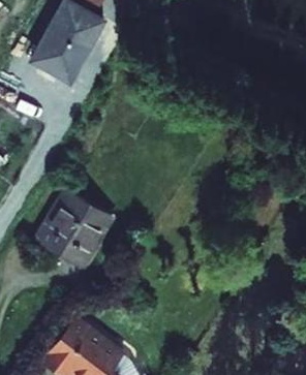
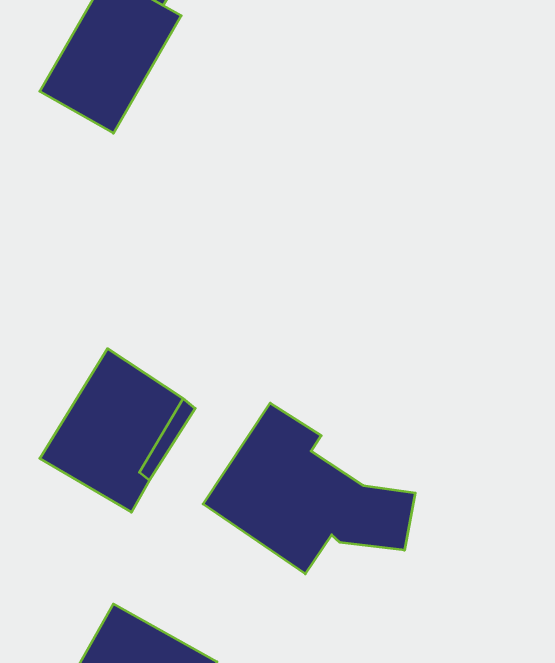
building: none -> [203,403,415,574]

